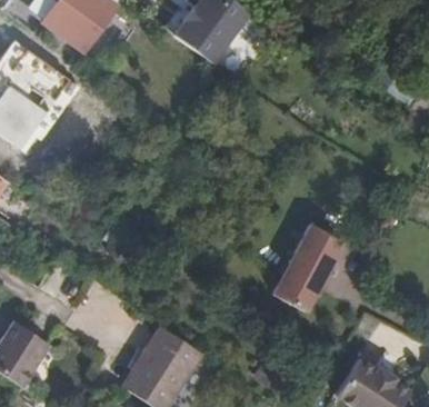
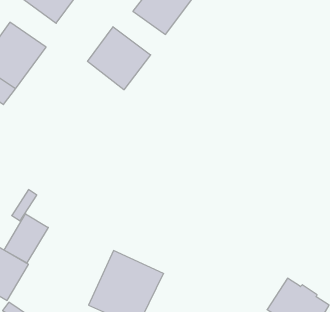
building: none -> [88,27,151,90]
building: [273,226,345,315] -> none
building: none -> [4,214,48,263]

